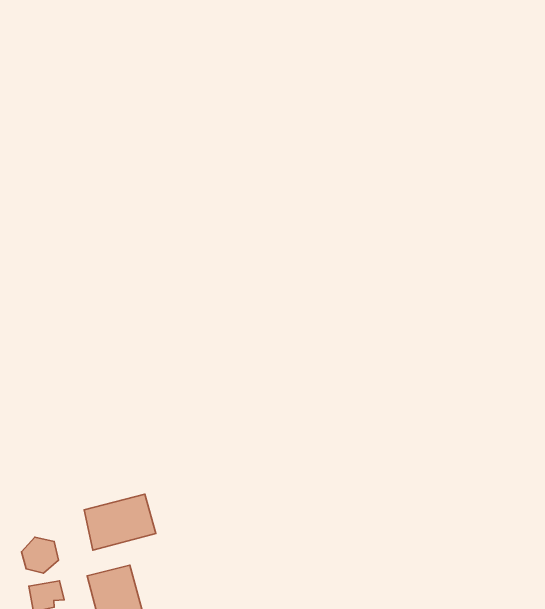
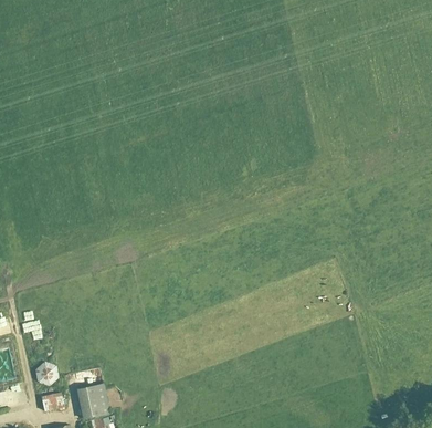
building: [84,494,156,550] -> none

